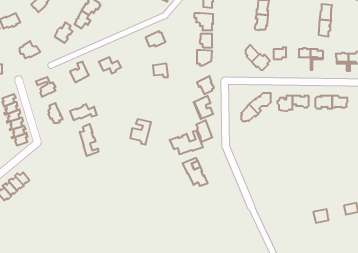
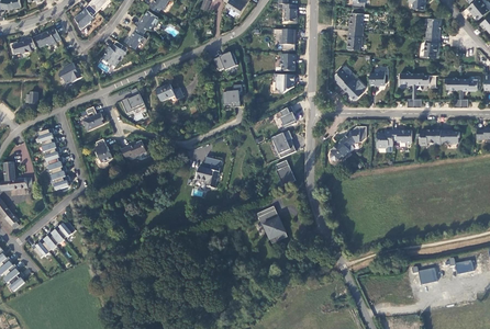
building: [80,124,98,156] -> none
building: [170,131,203,154] -> none

